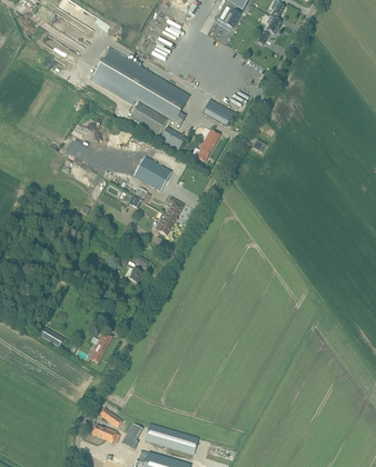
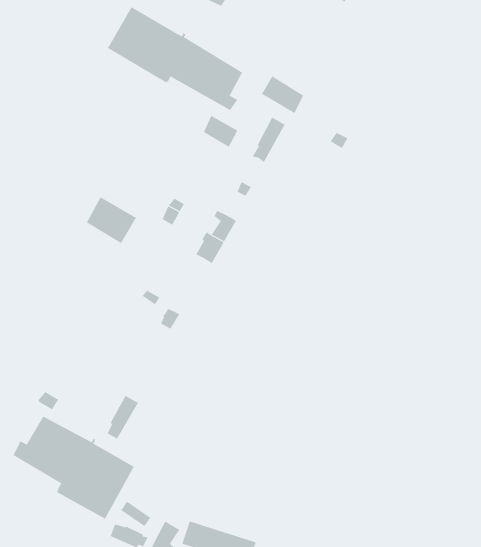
building: [130,101,168,133] -> none
building: [135,156,171,190] -> [86,196,137,244]
building: none -> [13,416,135,520]

